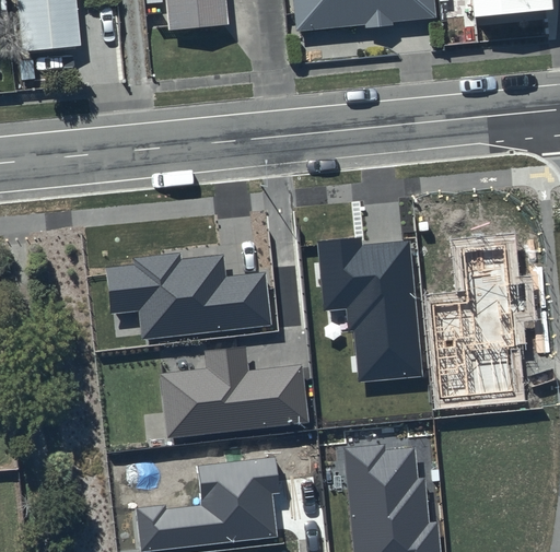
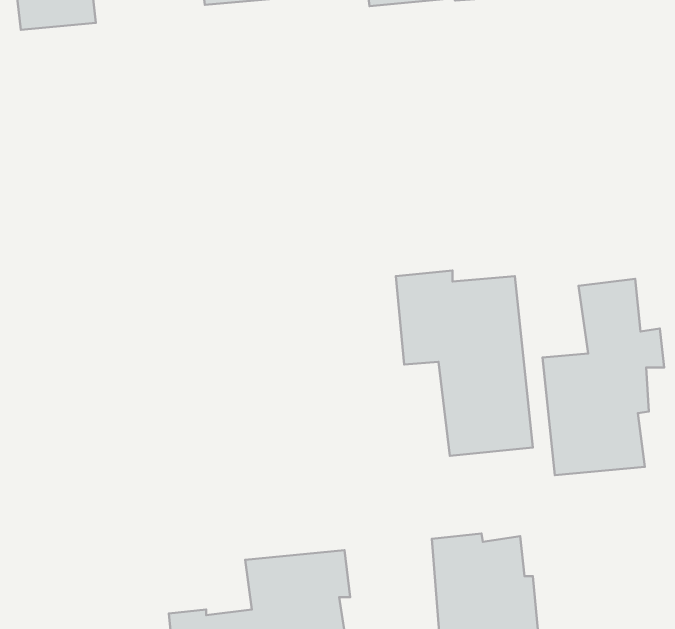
building: [105,254,271,339] -> none
building: [160,345,308,438] -> none

